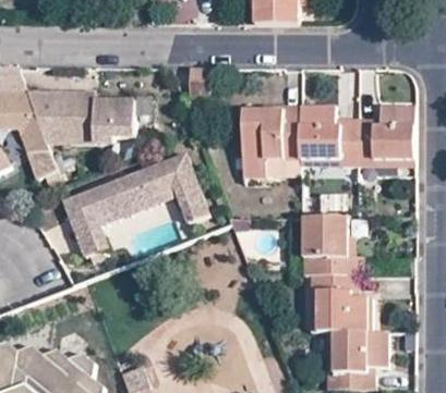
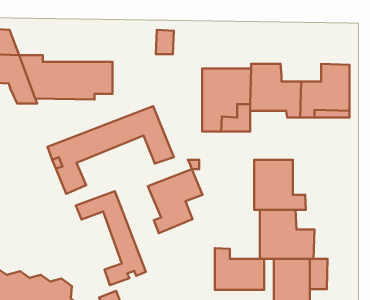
building: none -> [148,169,203,233]
building: none -> [76,191,146,285]
building: none -> [215,248,264,290]

